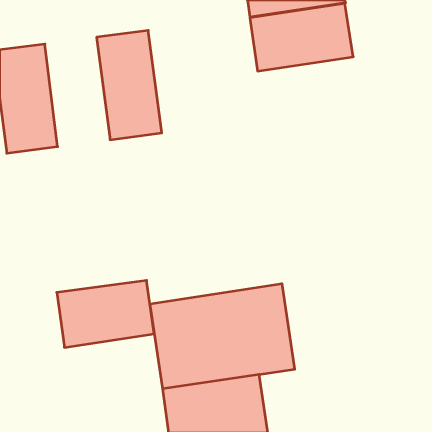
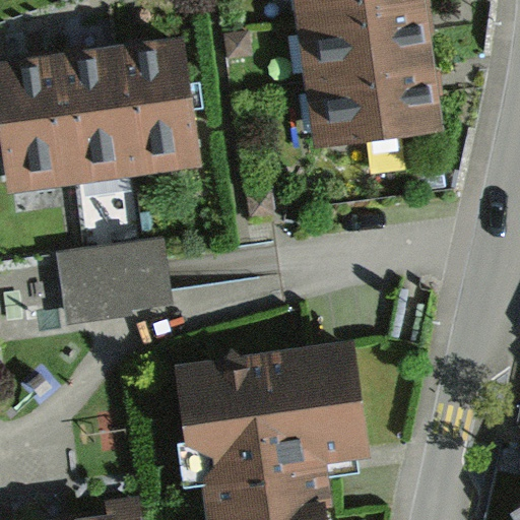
building: none -> [54,46,132,177]
building: none -> [310,70,433,151]
building: [57,280,154,347] -> [57,241,174,321]

